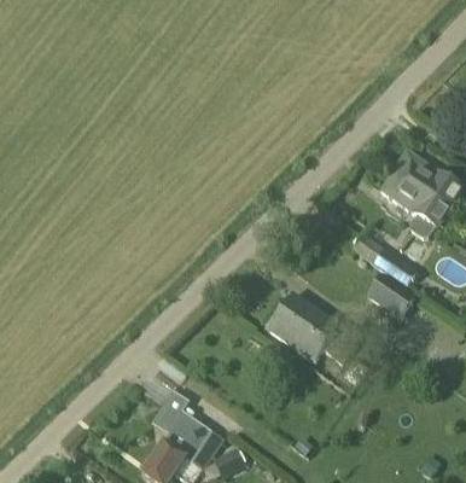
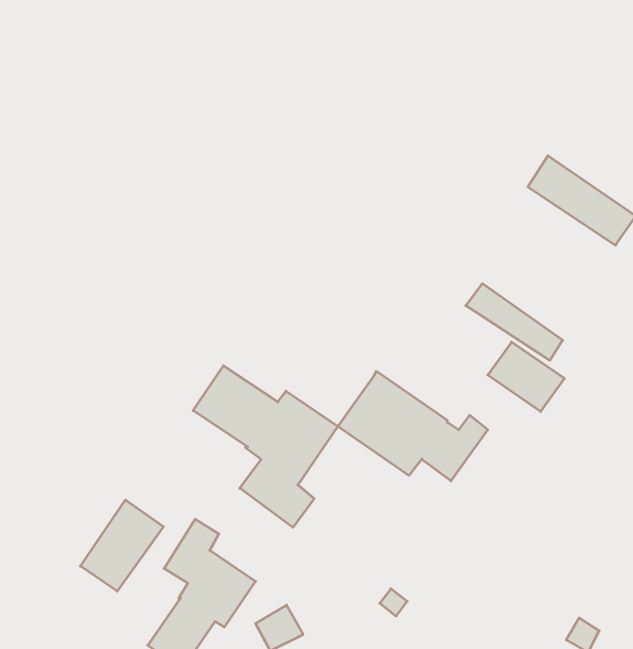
building: [379,170,450,239] -> none
building: none -> [193,366,338,527]
building: none -> [80,500,163,591]

